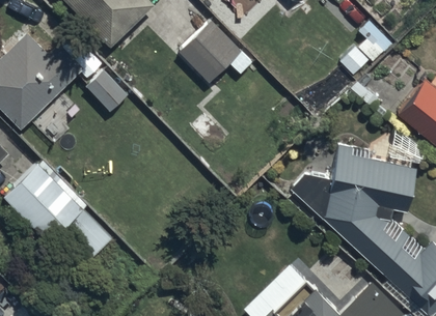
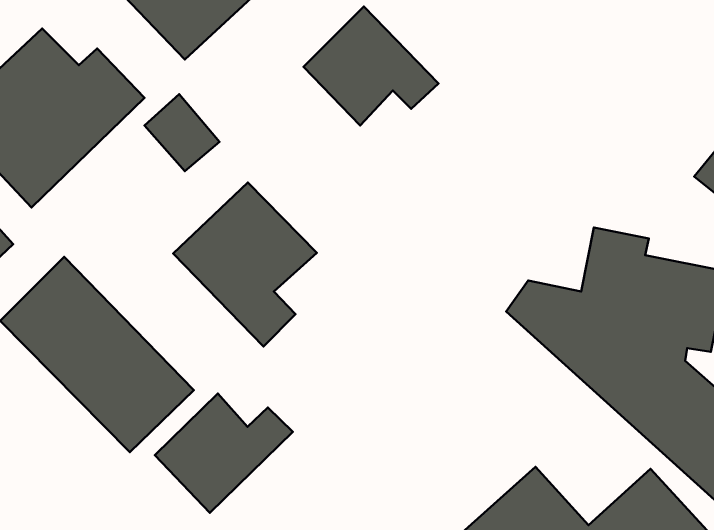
building: none -> [173,183,317,346]
building: none -> [155,393,293,513]

